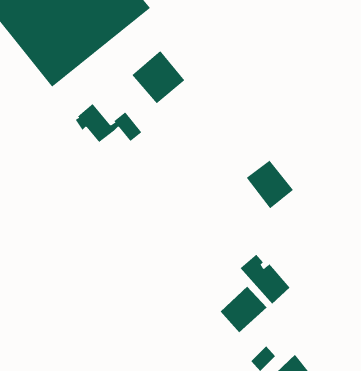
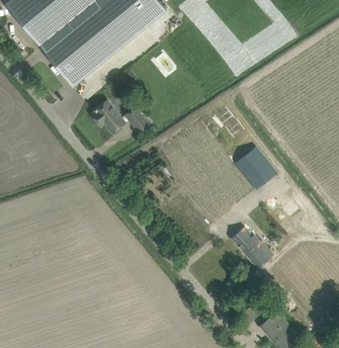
building: [132,50,185,104] -> none
building: [220,286,268,333] -> none

